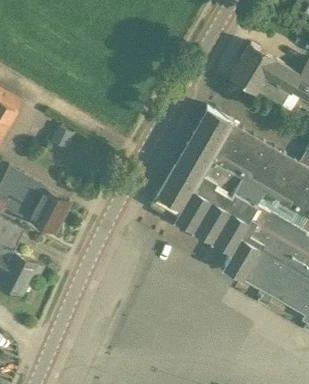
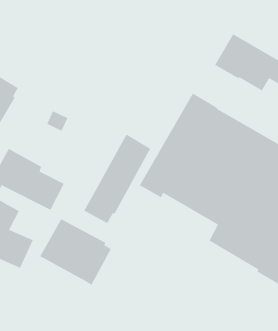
building: none -> [83,134,151,224]
building: none -> [39,218,112,286]

